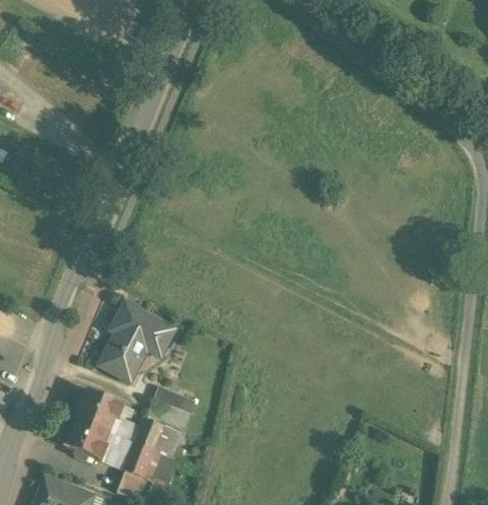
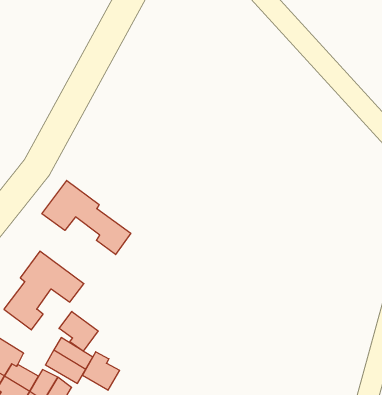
building: none -> [42,180,131,255]
building: none -> [59,311,98,351]
building: none -> [82,352,120,390]

